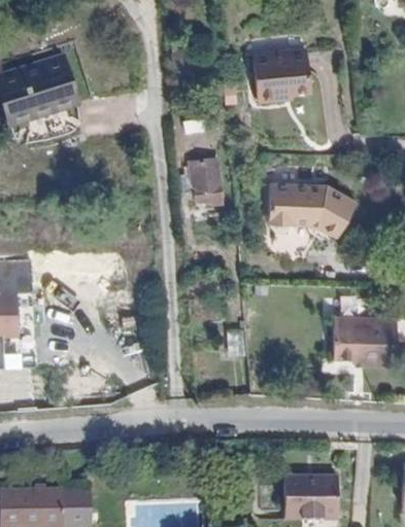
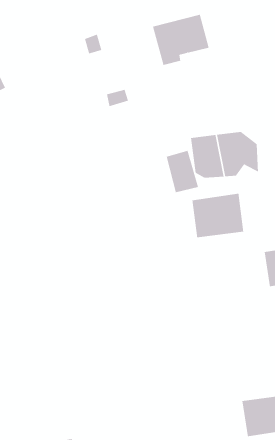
building: [192,160,223,204] -> [166,150,199,193]
building: none -> [192,193,244,238]

